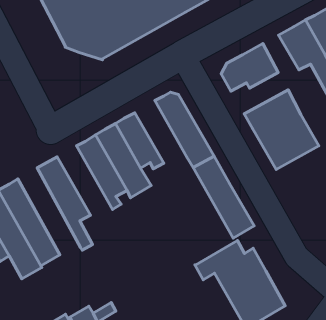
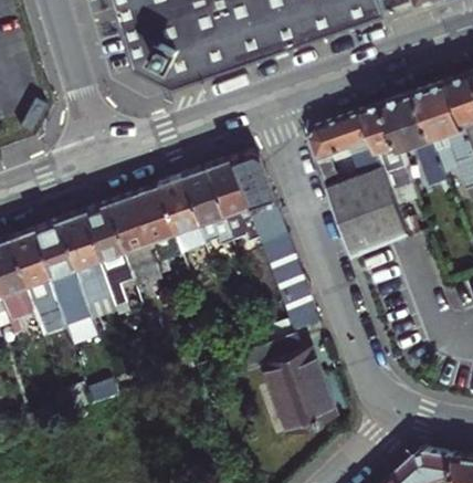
building: none -> [362,105,404,201]
building: none -> [201,156,252,232]
building: none -> [103,192,157,285]
building: none -> [53,210,112,318]

